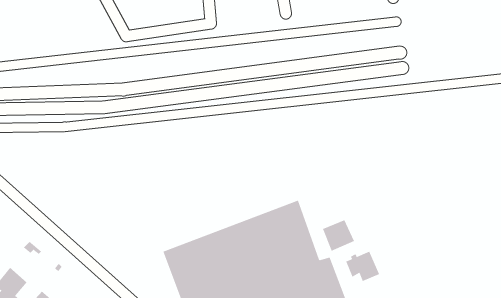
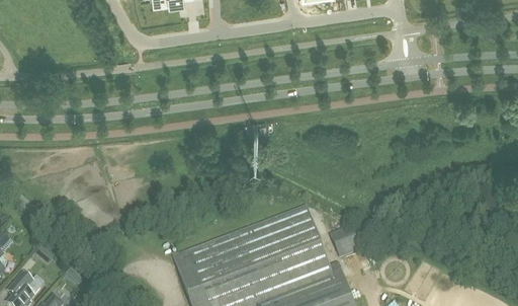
building: [345,251,380,282] -> none

